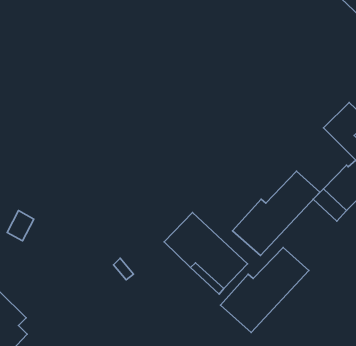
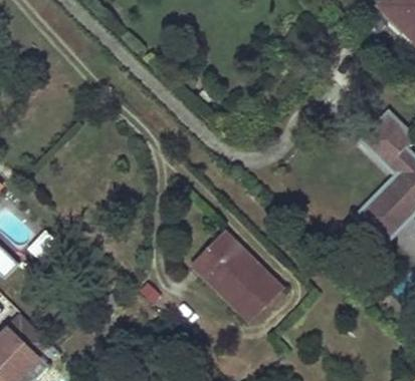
building: [233,171,320,256] -> none
building: [220,248,309,332] -> none

